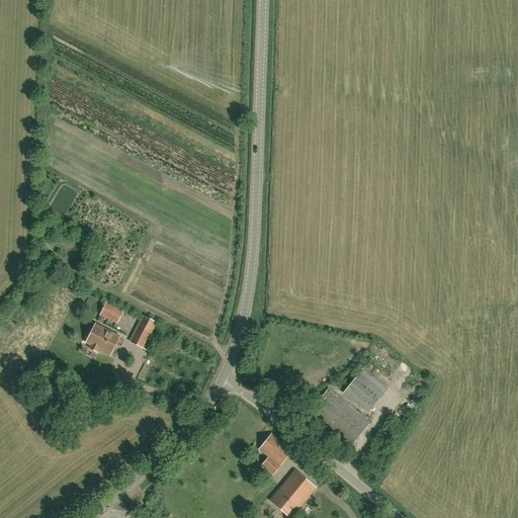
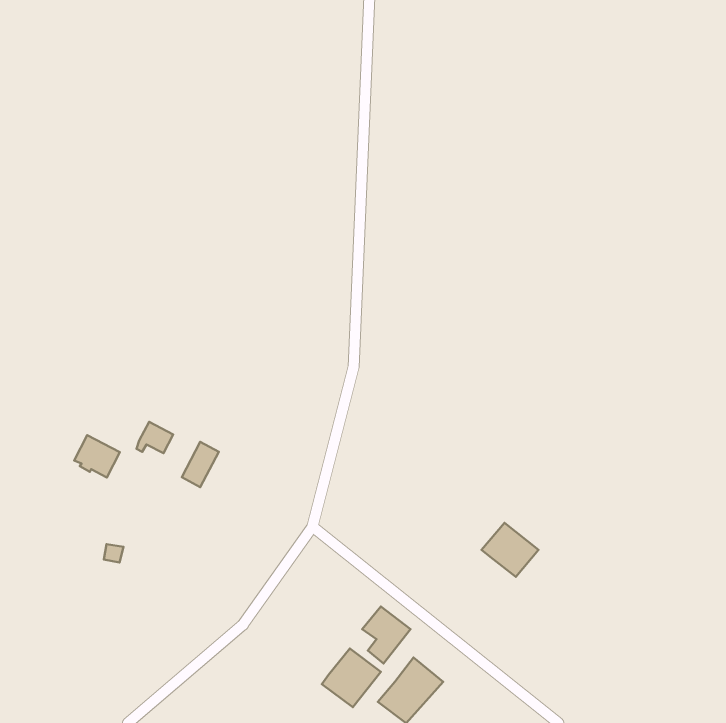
building: [86,323,118,353] -> [74,435,120,478]
building: [310,387,369,443] -> none
building: none -> [322,649,381,707]

